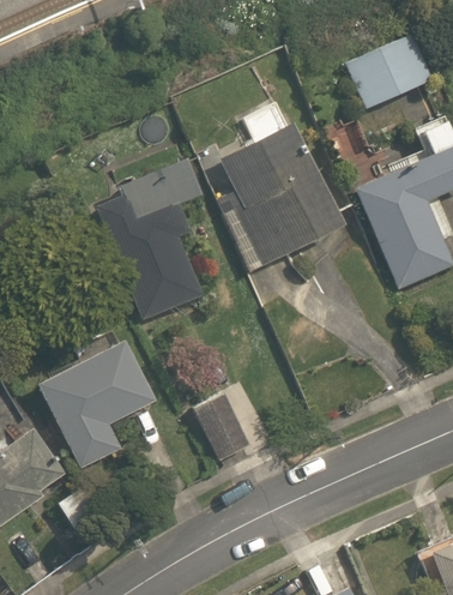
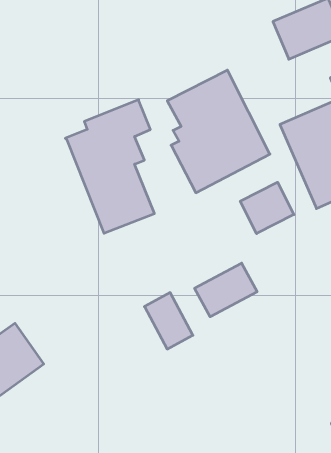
building: none -> [240,182,294,234]
building: [38,341,153,468] -> none
building: none -> [195,263,257,317]

